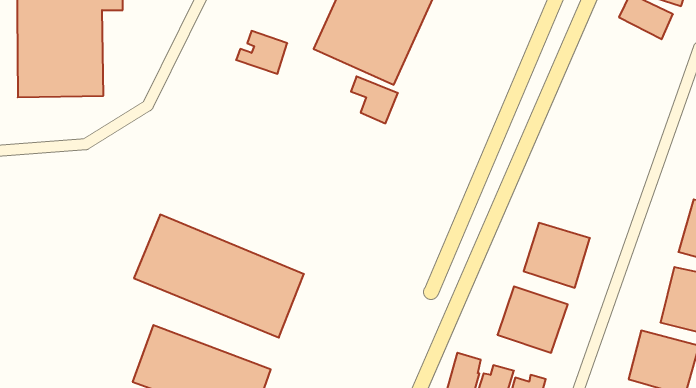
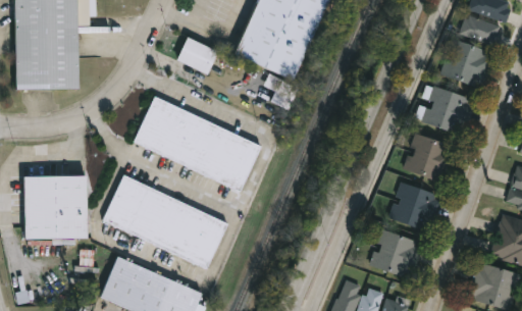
building: none -> [436,39,493,88]
building: none -> [416,86,469,133]
building: none -> [133,98,261,190]
building: none -> [401,133,452,182]
building: none -> [22,175,89,239]

